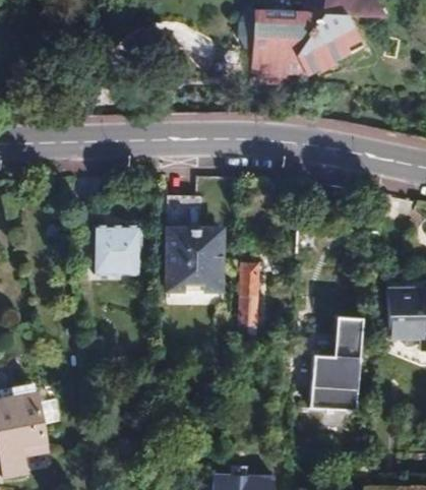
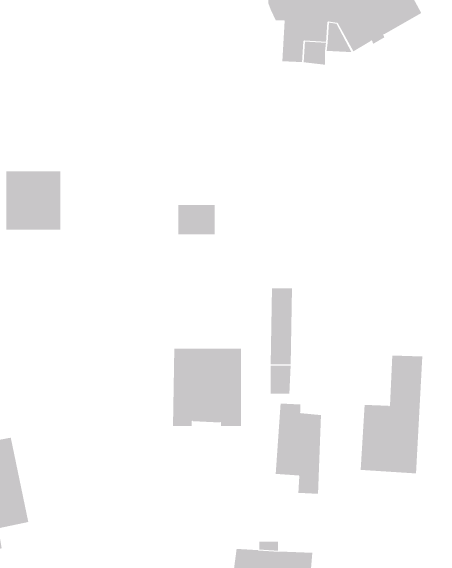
building: [95,226,139,273] -> [5,171,61,230]
building: [167,228,223,291] -> [172,348,242,426]
building: none -> [275,403,322,494]

